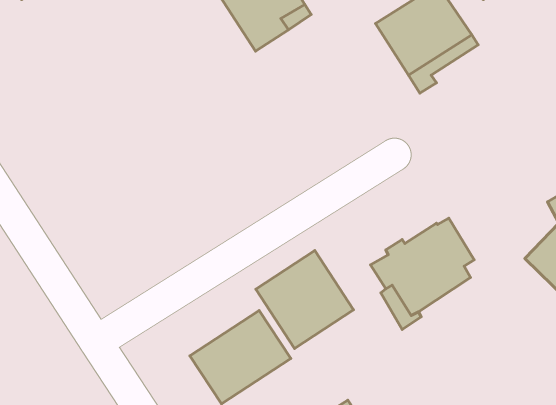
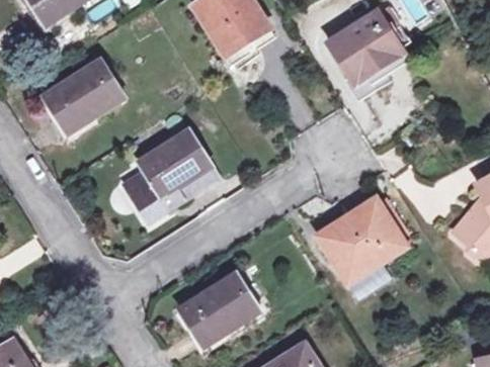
building: none -> [44,59,124,131]
building: none -> [124,129,218,221]
building: [256,251,354,348] -> none

